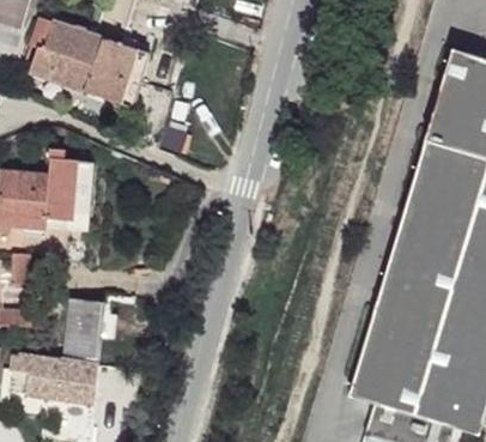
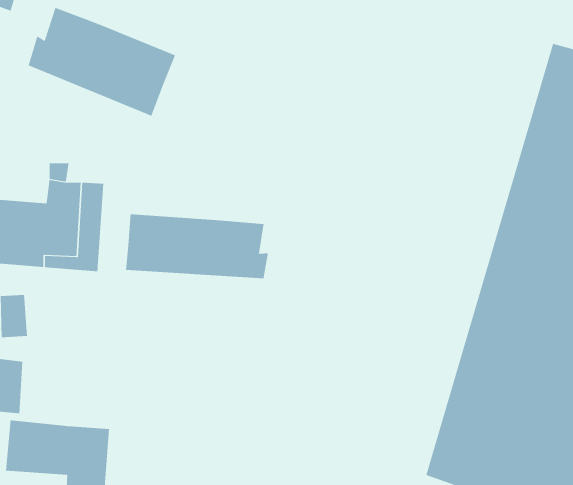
building: none -> [125,214,269,279]
building: [62,293,102,357] -> none

